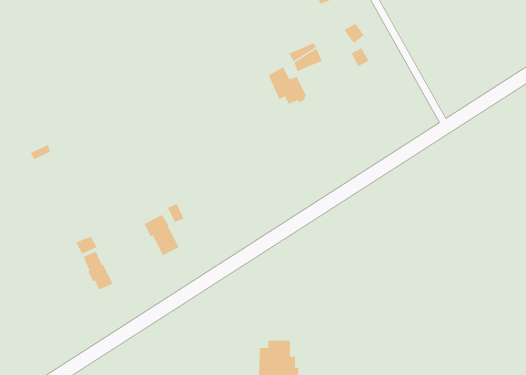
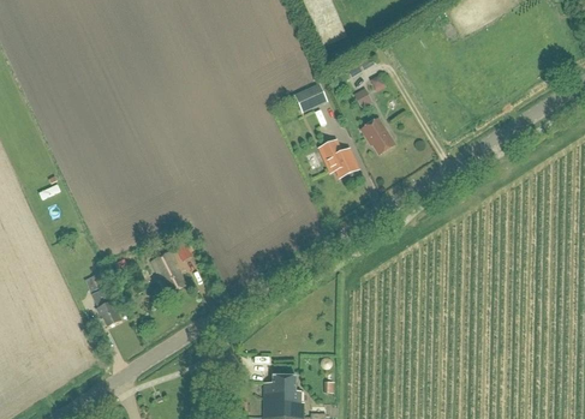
building: [268,66,307,104] -> [320,139,358,176]
building: none -> [362,118,395,154]

